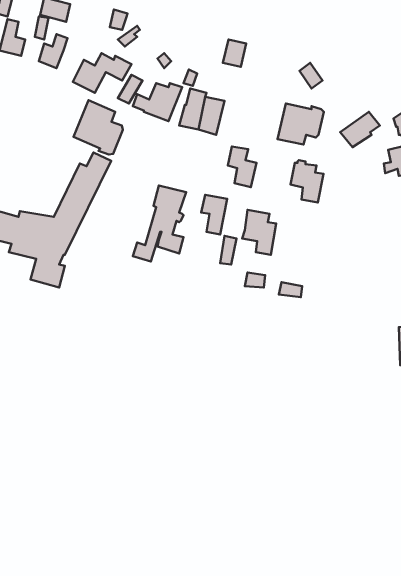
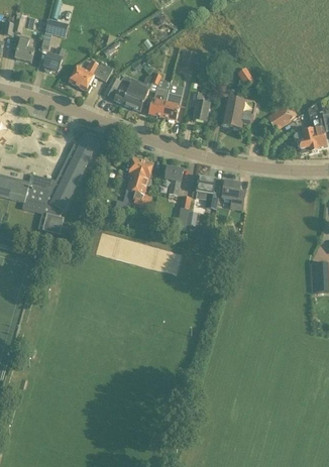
building: [74,100,123,154] -> none
building: [228,146,256,187] -> [189,91,210,121]
building: [291,160,323,202] -> [222,179,246,210]

